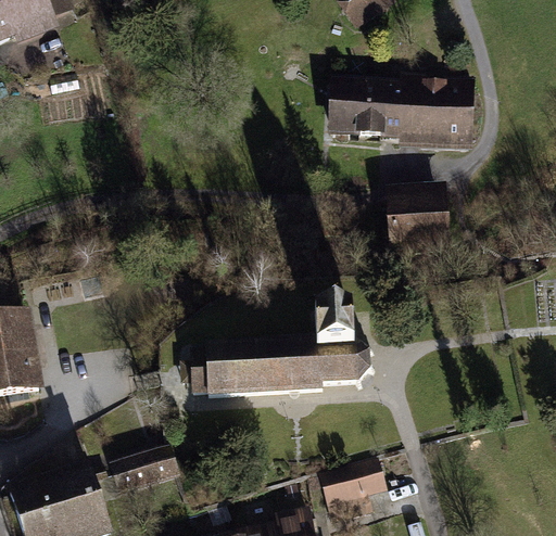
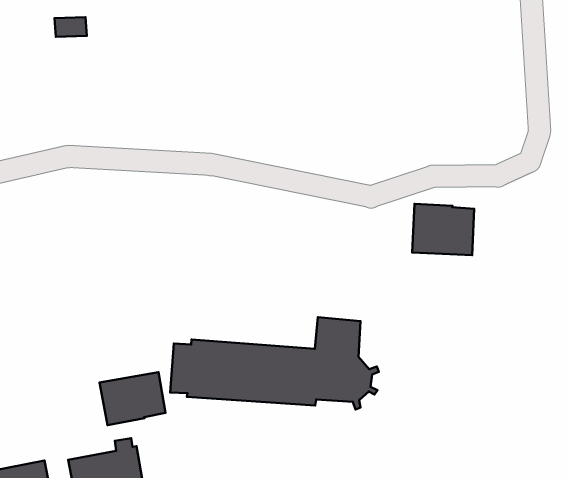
building: [333,74,472,138] -> none
building: none -> [100,372,166,425]

